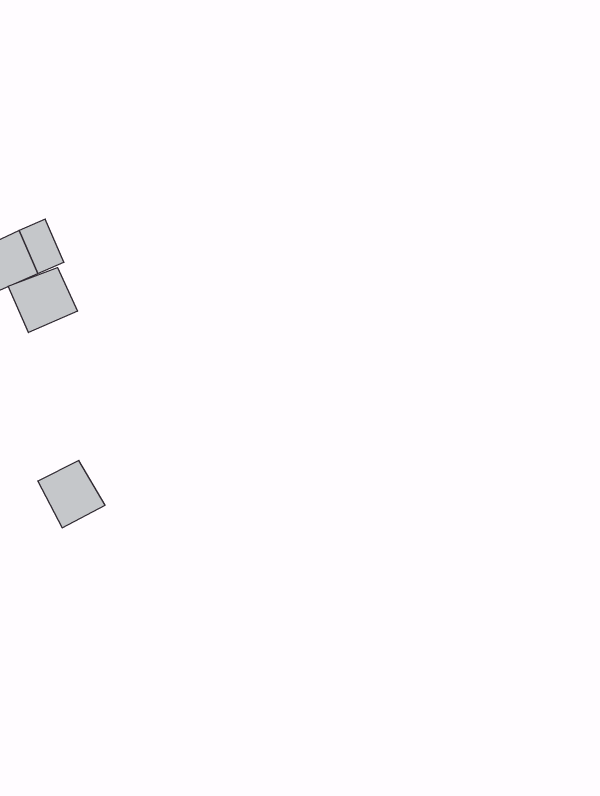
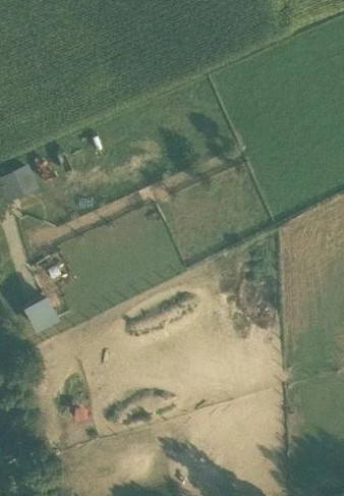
building: [8,268,77,333] -> none

